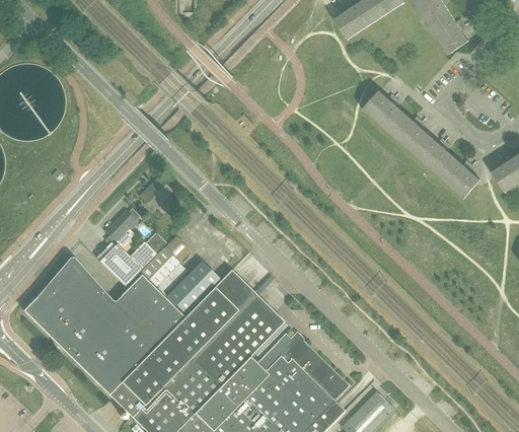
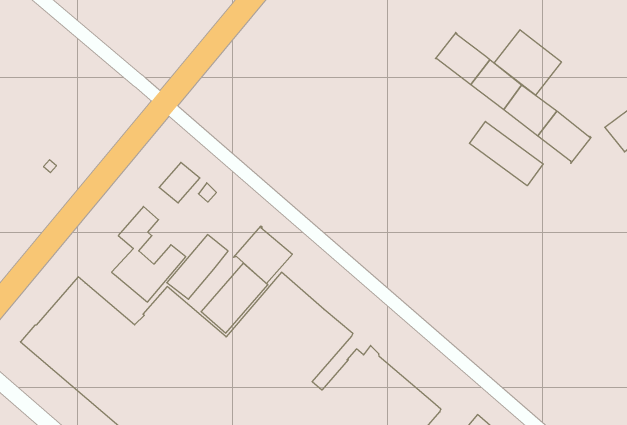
building: none -> [494,30,561,95]
building: none -> [469,121,543,186]
building: none -> [234,226,292,284]

